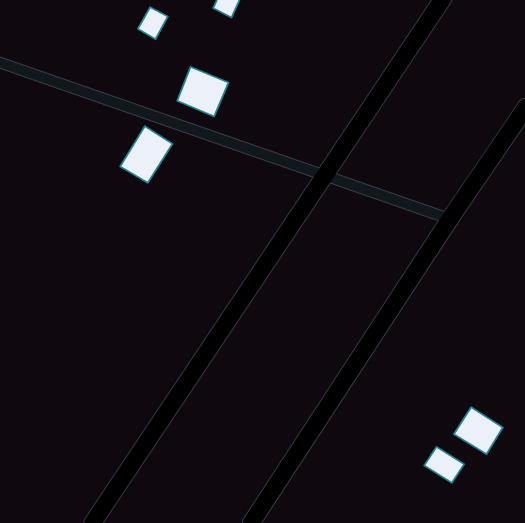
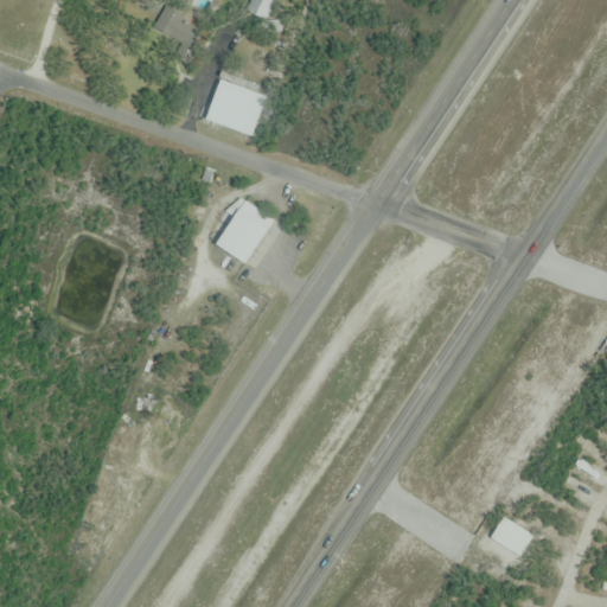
building: [120,126,173,183] -> [215,198,275,263]
building: [454,407,503,454] -> none

